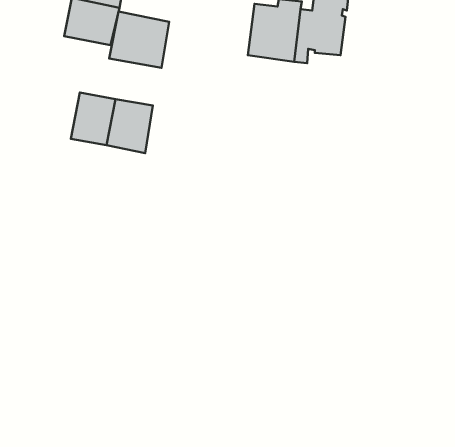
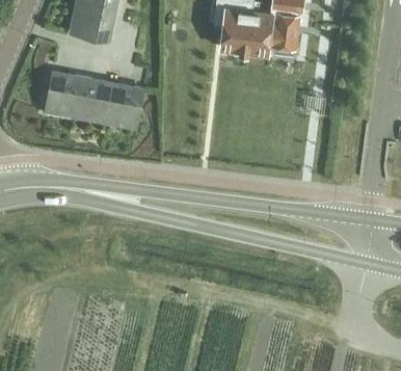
building: [109,11,169,68] -> none
building: none -> [46,74,83,116]

